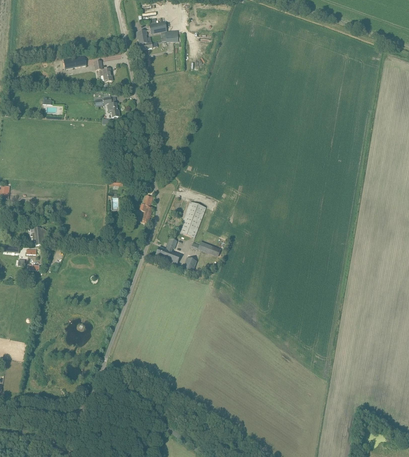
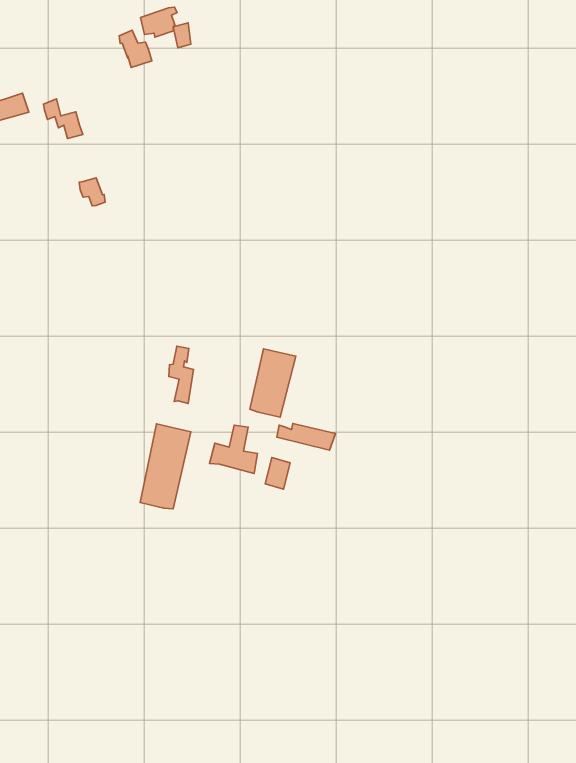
building: none -> [140,424,191,509]

